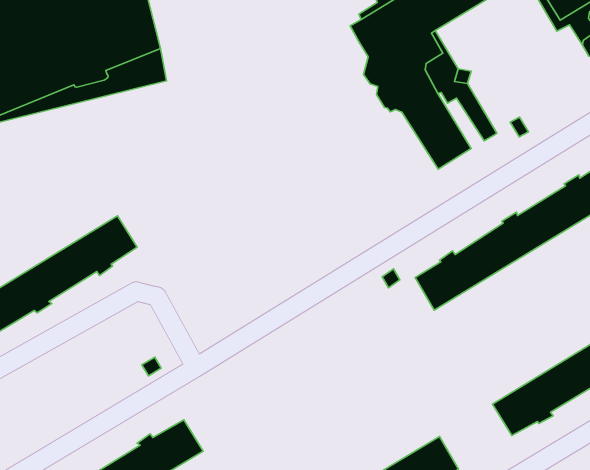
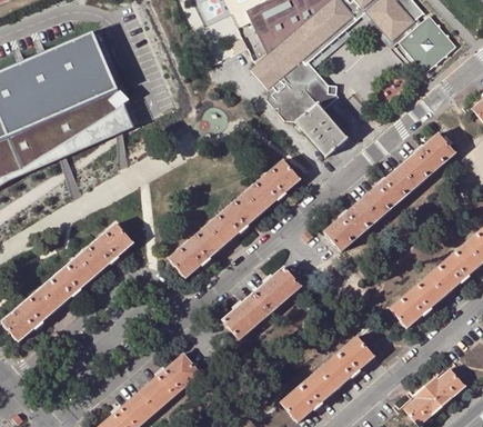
building: none -> [169,159,300,278]
building: none -> [221,266,300,339]

